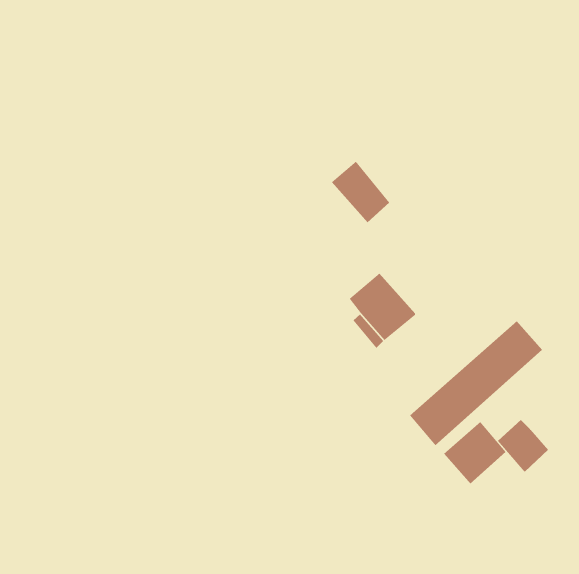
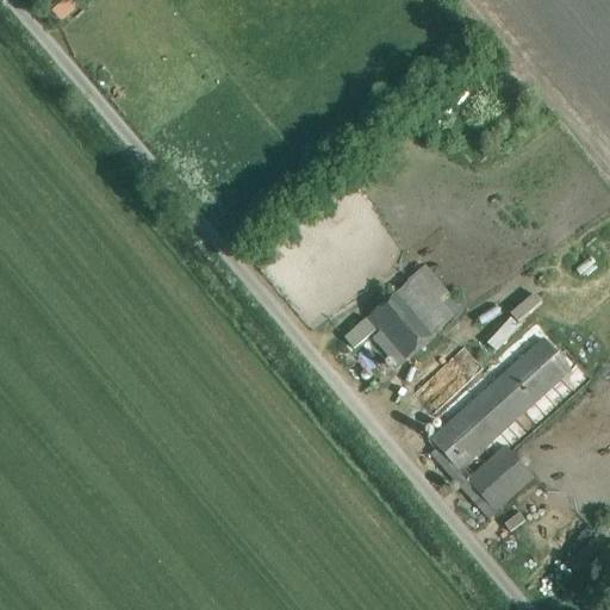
building: [331,161,390,223] -> [399,264,461,330]
building: [497,419,549,472] -> none

